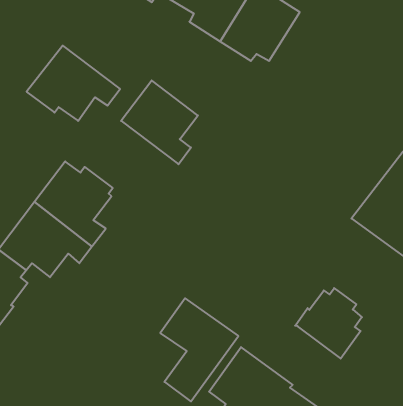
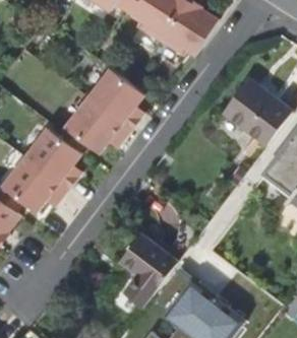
building: [27,46,120,121] -> [62,98,130,153]
building: none -> [215,71,284,137]
building: [295,288,362,359] -> none

